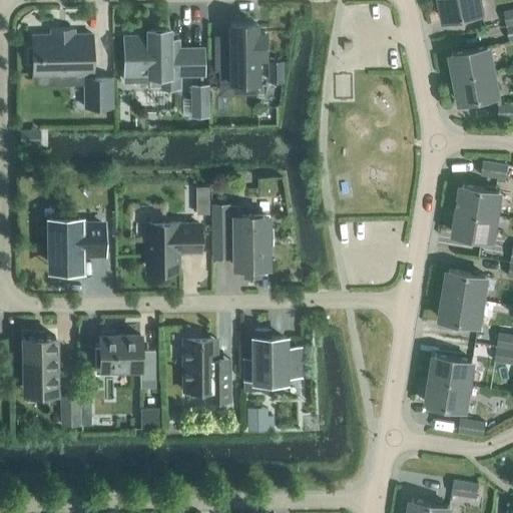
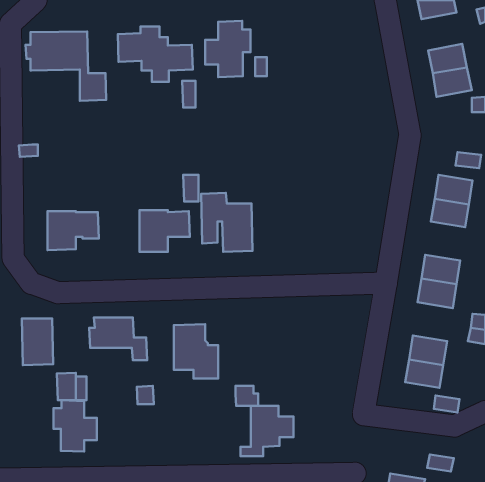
building: [243,341,300,394] -> [240,406,294,456]
building: none -> [54,400,97,452]

